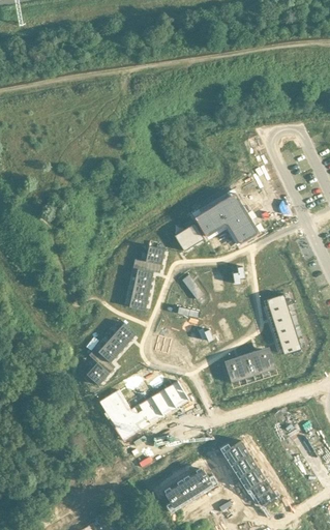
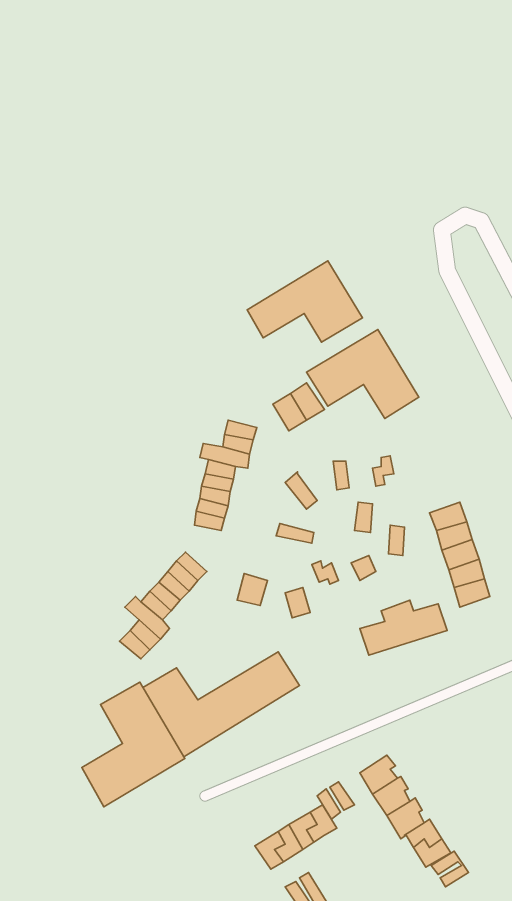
building: none -> [247,261,363,342]
building: none -> [82,682,185,807]

